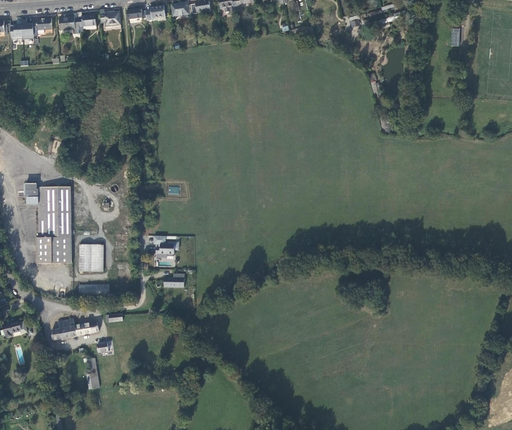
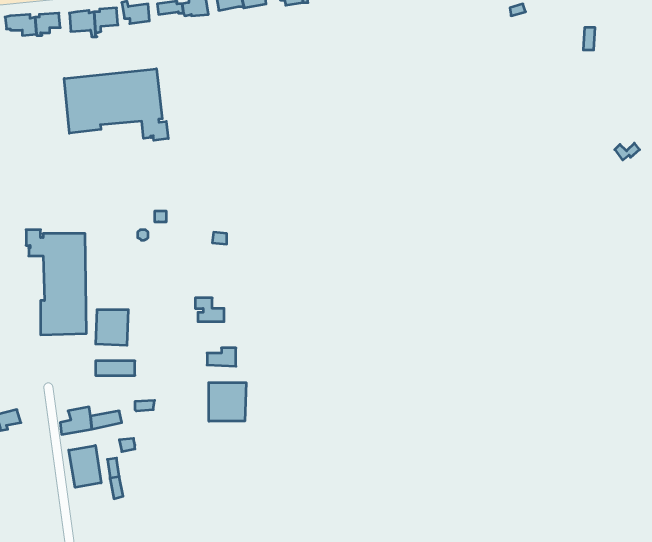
building: none -> [64,69,168,140]
building: none -> [209,383,246,421]
building: none -> [69,445,101,487]

